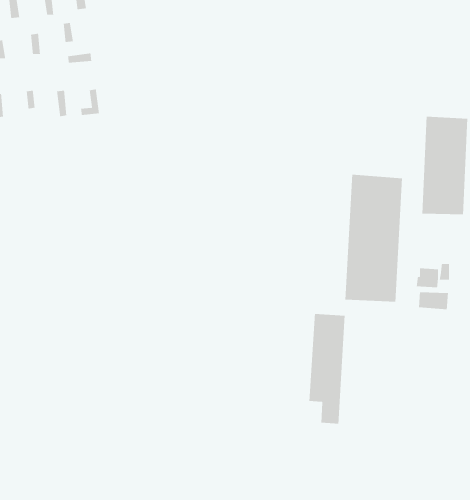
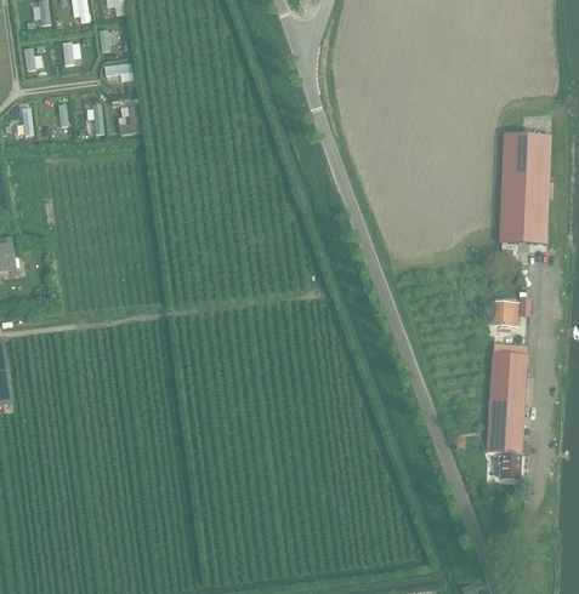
building: [345,174,403,303] -> none
building: [309,313,346,424] -> [486,353,527,476]

